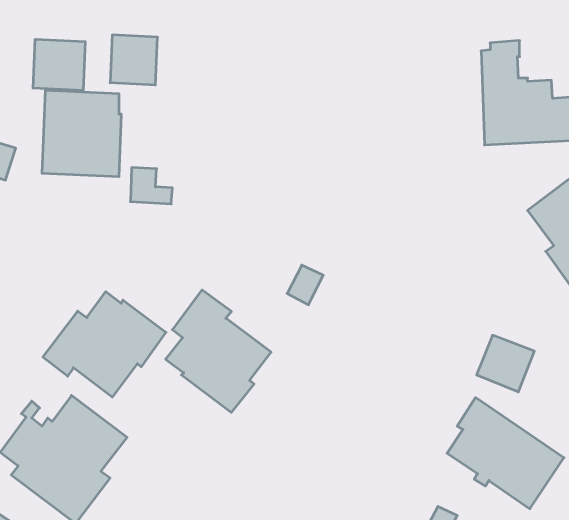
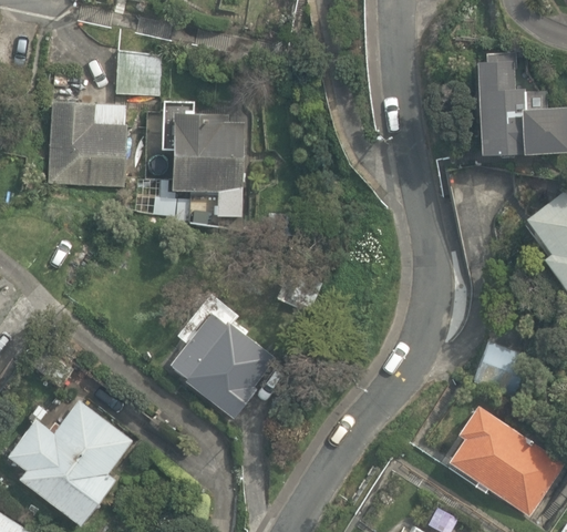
building: [33,39,85,91] -> none
building: none -> [171,115,243,218]
building: [43,292,166,397] -> none

